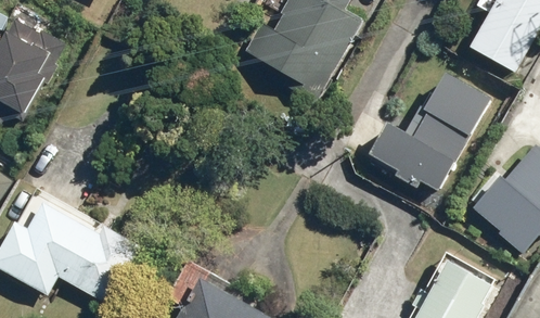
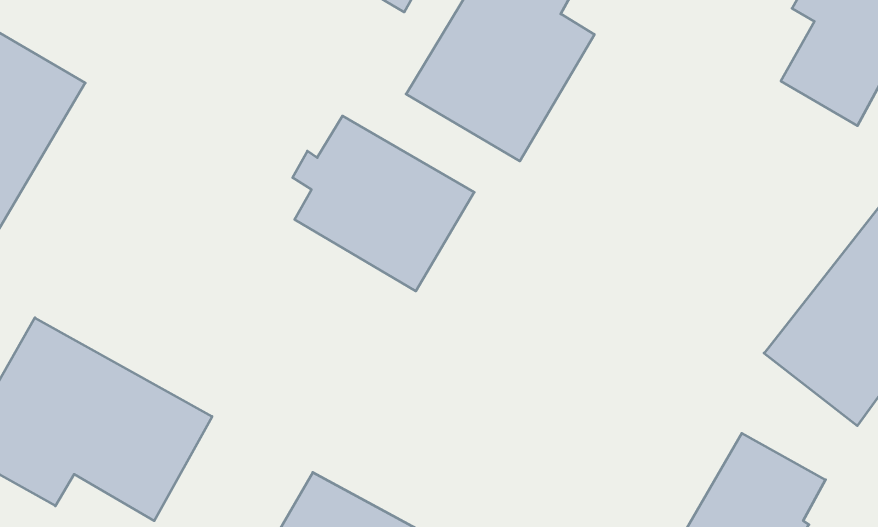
building: none -> [293,116,474,291]
building: [368,72,493,192] -> none

